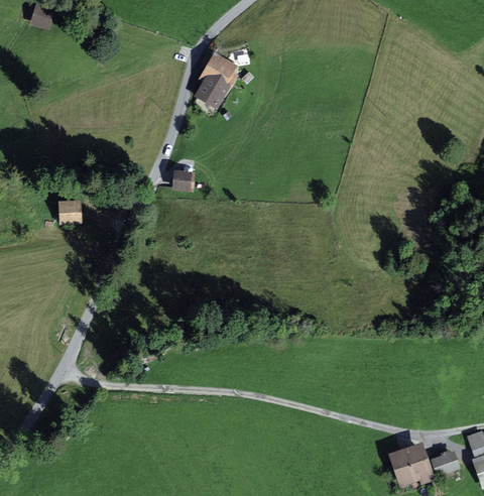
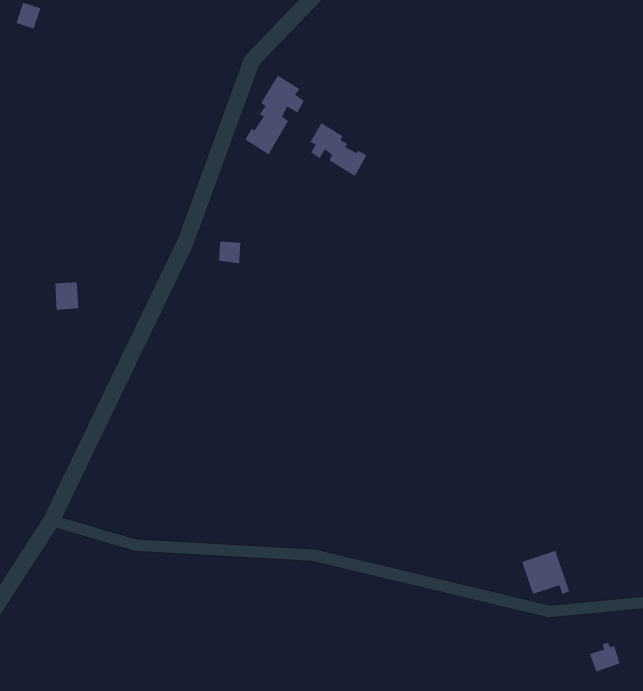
building: none -> [309,122,367,177]
building: [394,448,429,479] -> [521,550,570,595]

